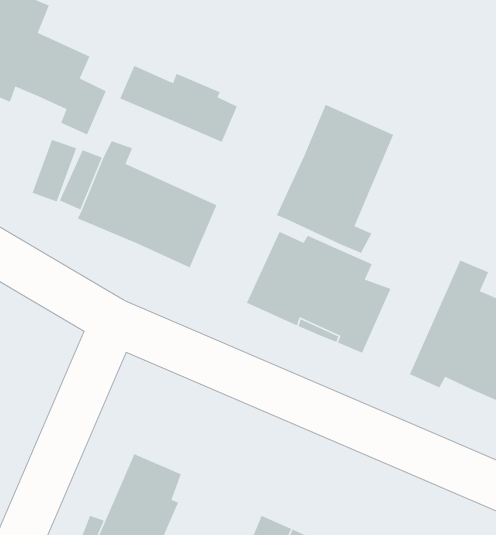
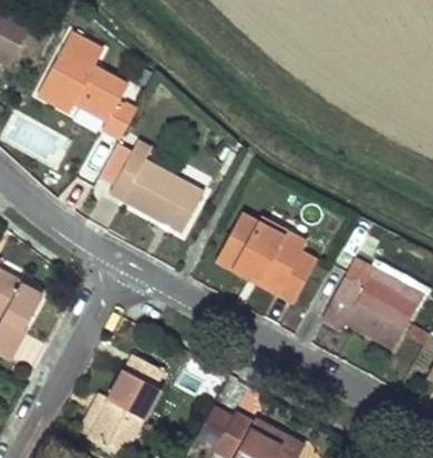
building: [119,65,238,143] -> none
building: [276,104,394,254] -> none

